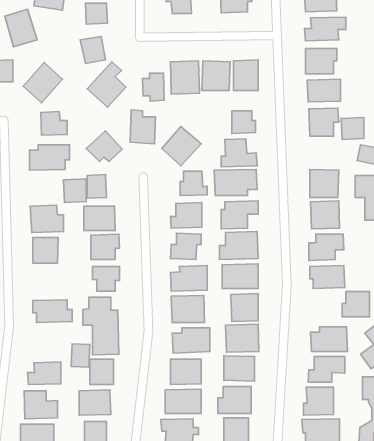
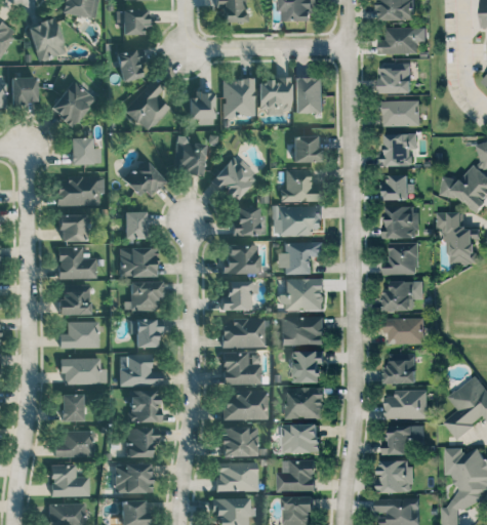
building: [341,118,364,139] -> [384,174,411,200]
building: [64,179,86,202] -> [59,214,86,242]
building: none -> [59,322,98,349]
building: [342,291,369,317] -> [384,354,416,383]
building: [71,344,90,367] -> [62,394,83,421]

